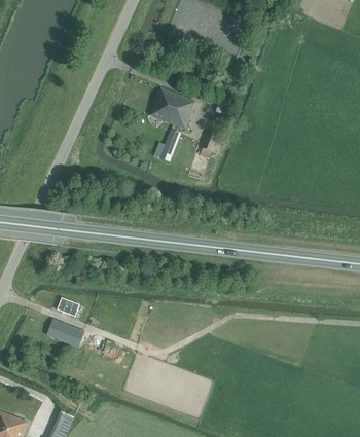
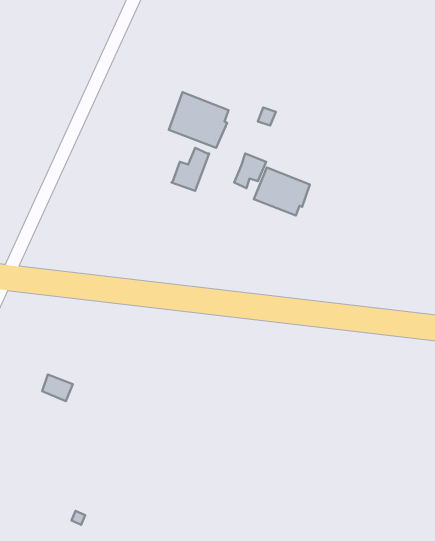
building: none -> [254,167,310,215]
building: [47,318,84,347] -> none

